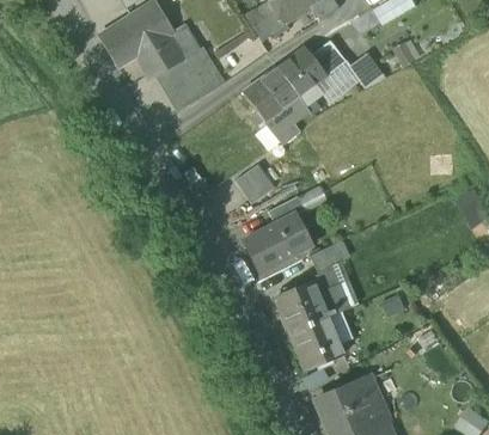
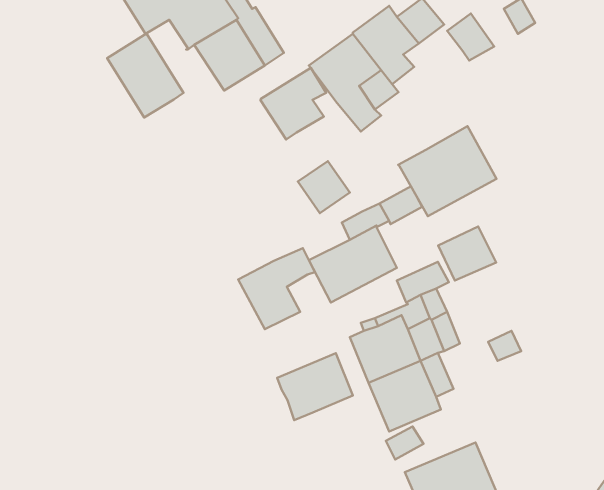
building: [314,61,360,104] -> none
building: none -> [107,33,183,117]
building: none -> [261,68,326,140]
building: none -> [398,126,496,216]
building: none -> [438,227,496,281]
building: none -> [238,248,315,329]
building: none -> [277,353,353,420]

